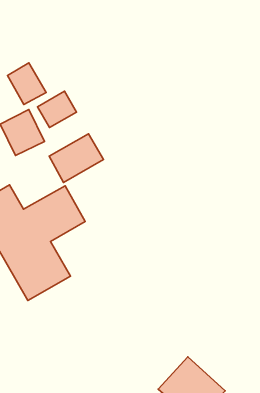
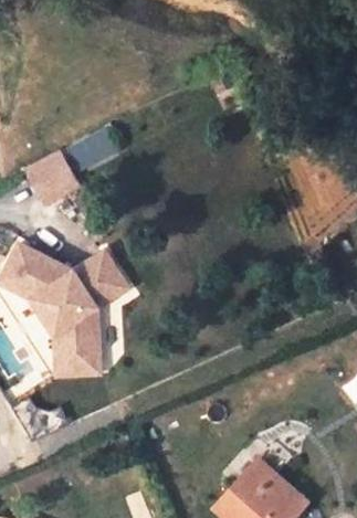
building: [7,63,46,104] -> none
building: [49,134,103,183] -> none

